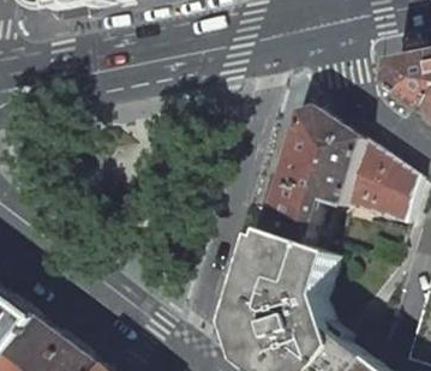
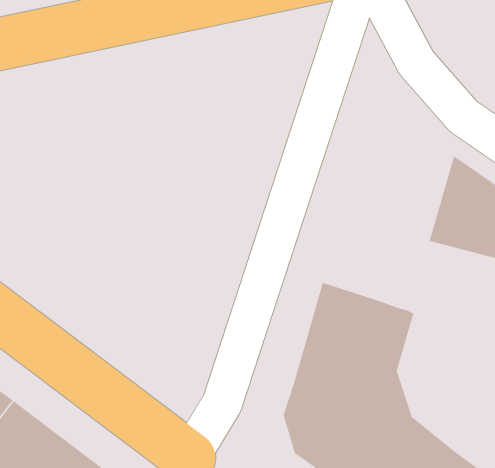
building: [262,103,358,240] -> none

